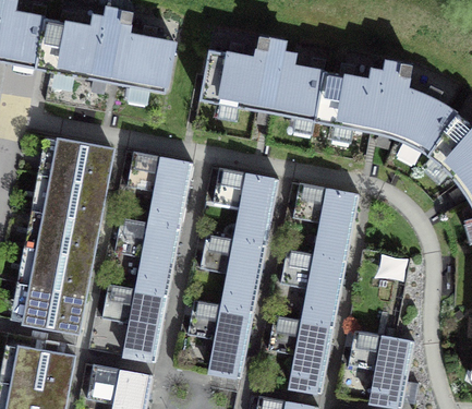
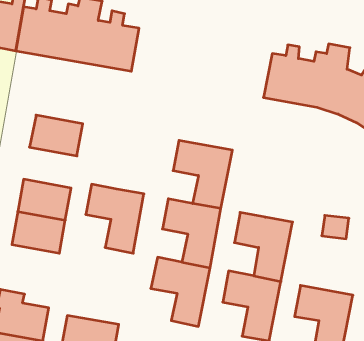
building: [201,36,326,120] -> none
building: [128,152,193,228] -> none
building: [45,176,105,221] -> none
building: [293,183,359,260] -> none
building: [102,282,168,361] -> none
building: [25,285,85,330] -> none

